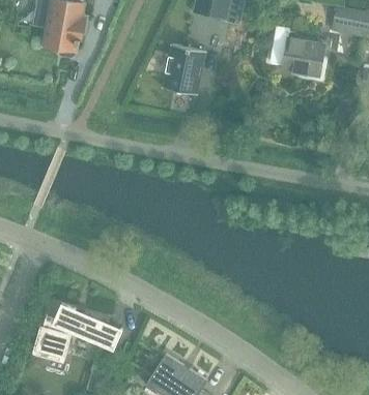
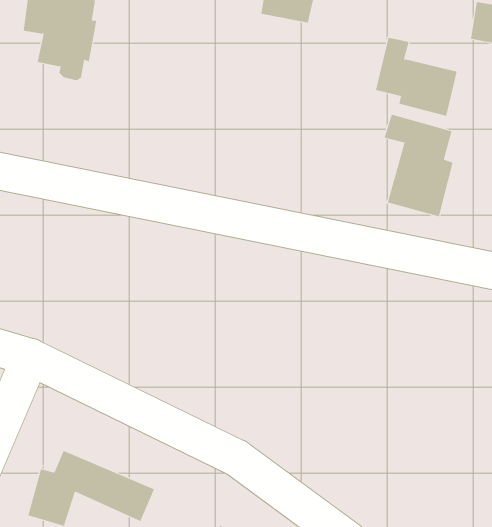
building: [162,41,204,93] -> none
building: none -> [384,114,453,217]

